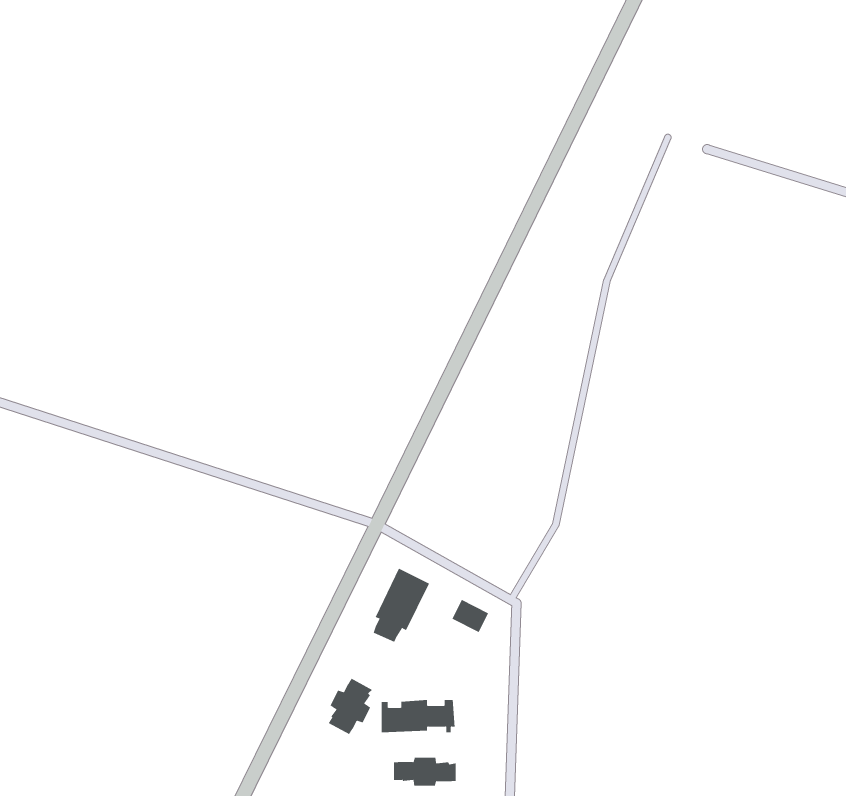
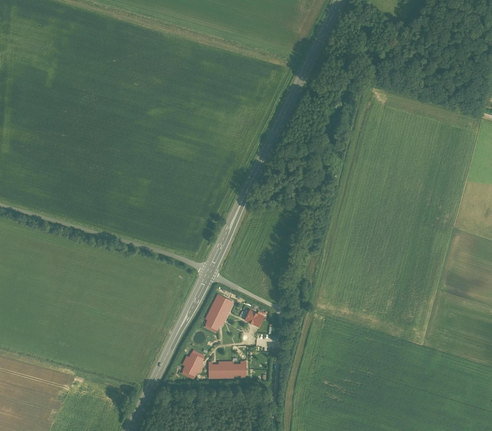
building: [394,757,456,787] -> none

